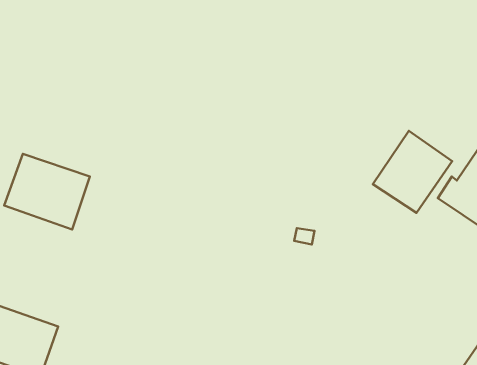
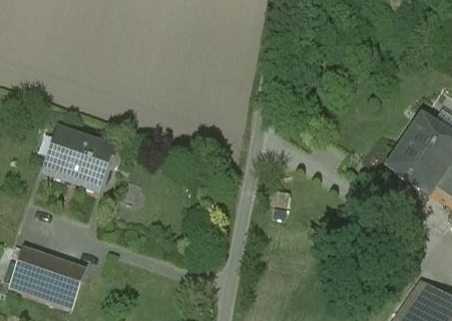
building: [373,131,452,213] -> none

